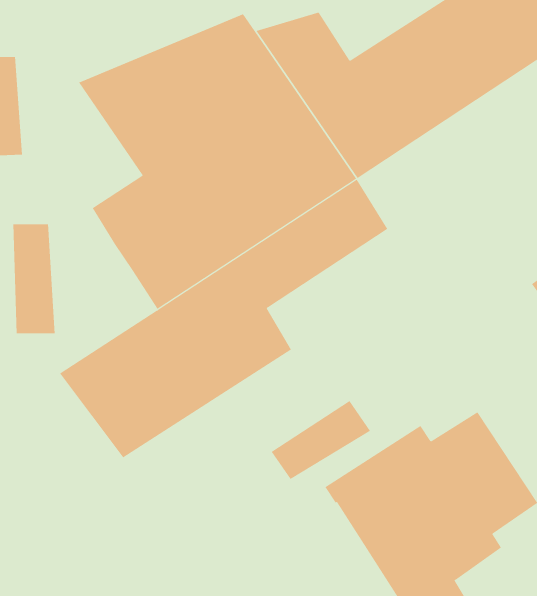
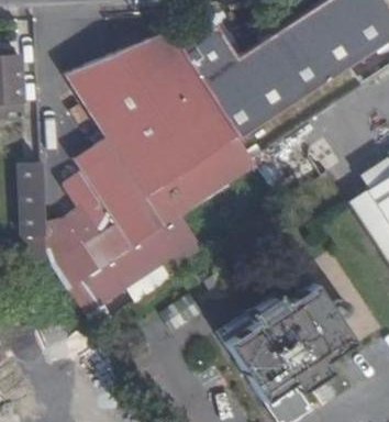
building: none -> [47,177,112,259]
building: [271,400,371,480] -> none

